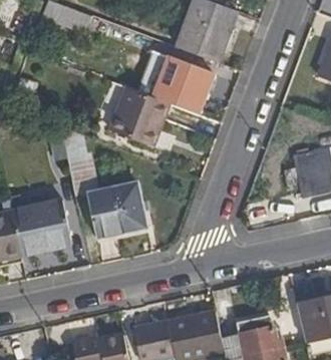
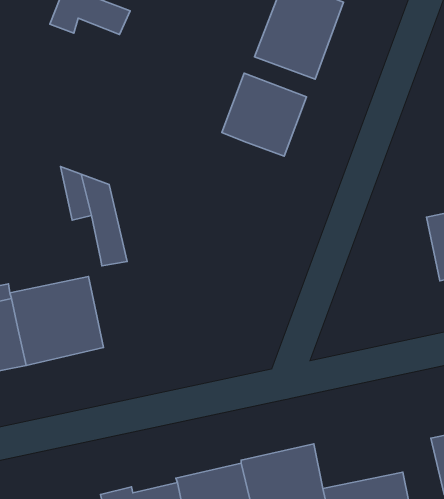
building: [111,86,169,142] -> none
building: [88,181,147,236] -> none

